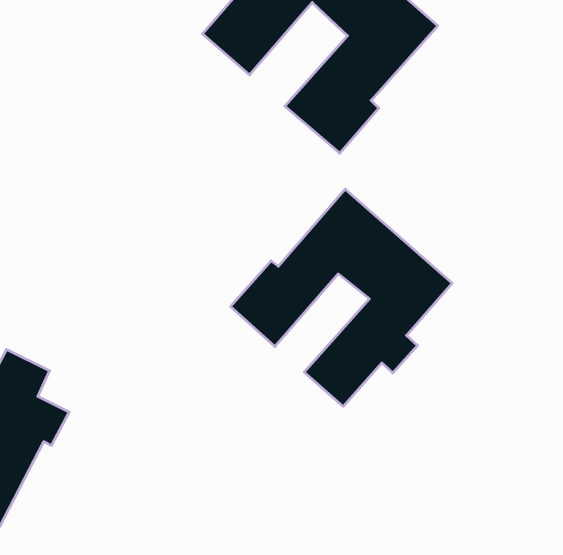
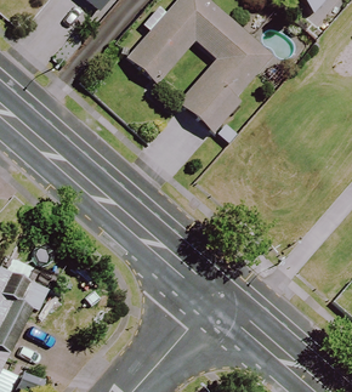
building: [231,189,452,406] -> none

